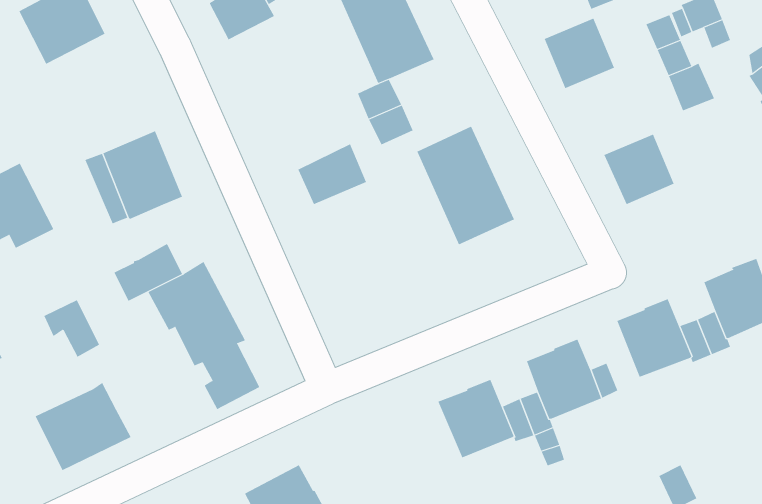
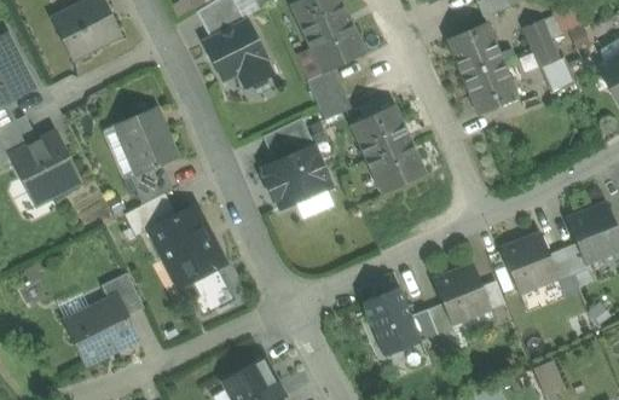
building: none -> [204,21,272,87]
building: [604,134,675,205] -> [463,60,516,114]
building: none -> [262,146,331,208]
building: none -> [129,163,173,204]
building: [43,300,100,358] -> [102,273,144,317]

